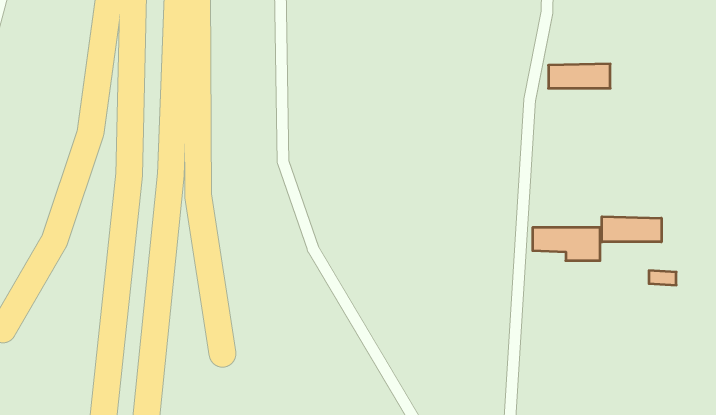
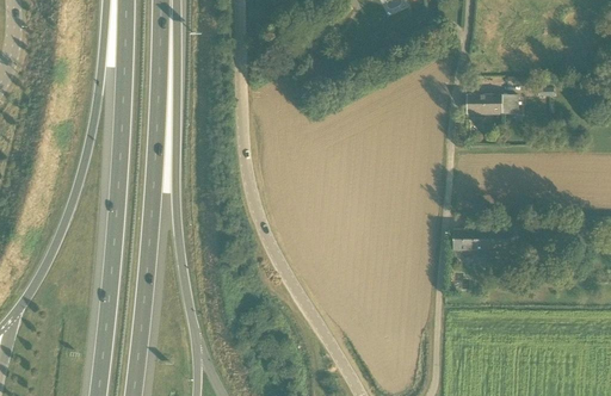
building: [602,217,661,242] -> none

